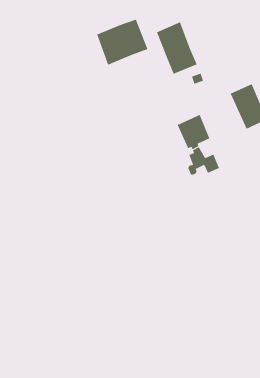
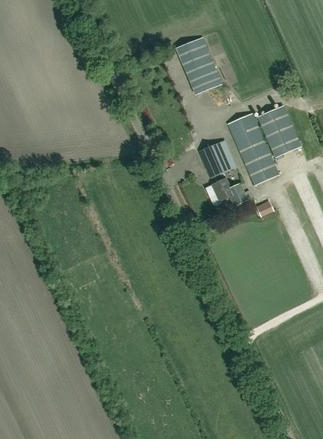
building: [97,19,148,66] -> none
building: none -> [227,112,279,185]

